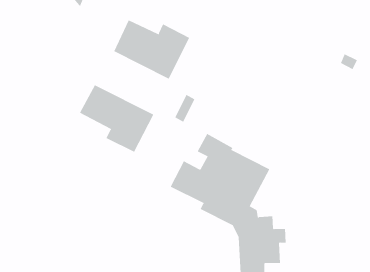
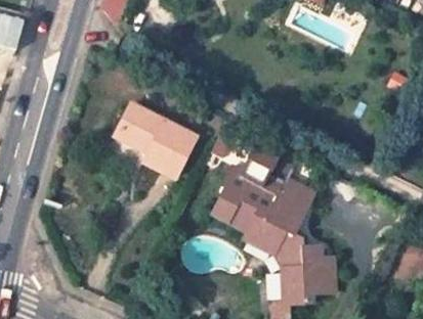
building: [113,19,190,80] -> none

